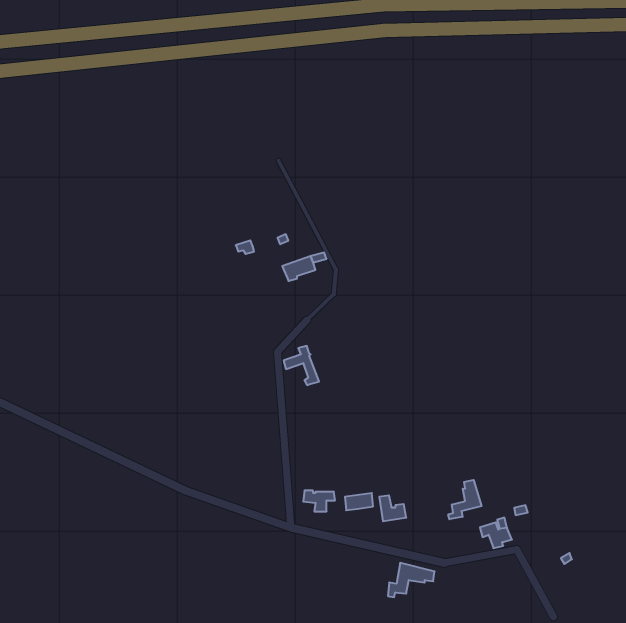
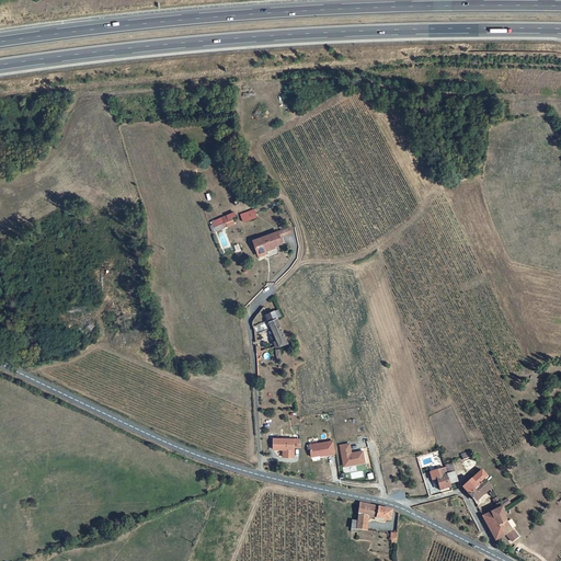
building: [448,480,482,519] -> none
building: none -> [462,470,491,501]
building: none -> [482,497,516,542]

